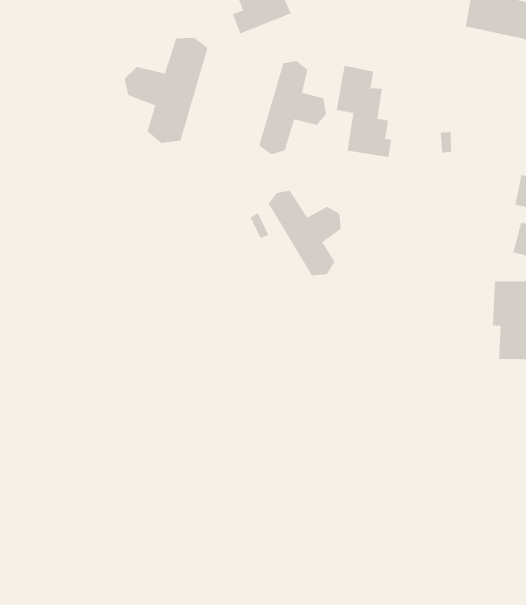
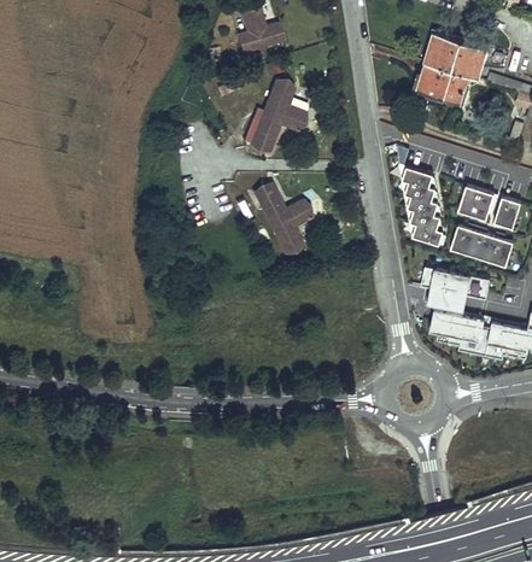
building: none -> [417,63,469,104]
building: [124,37,208,144] -> none
building: [336,65,392,158] -> [398,169,442,247]

